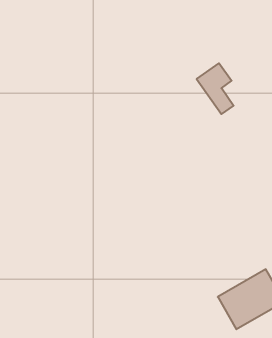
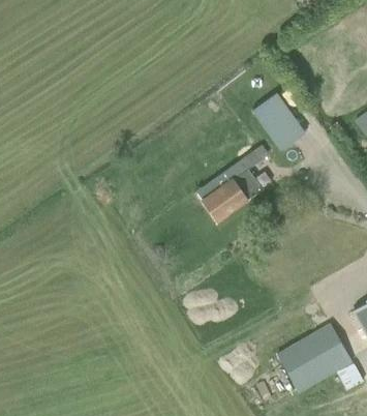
building: none -> [196,150,263,221]

